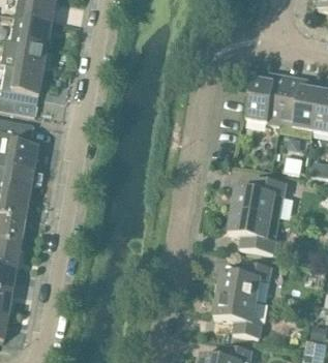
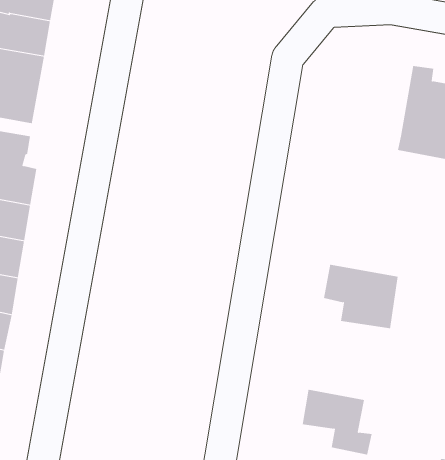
building: [246,73,289,123] -> none
building: [233,176,287,217] -> none
building: [218,262,271,300] -> none

